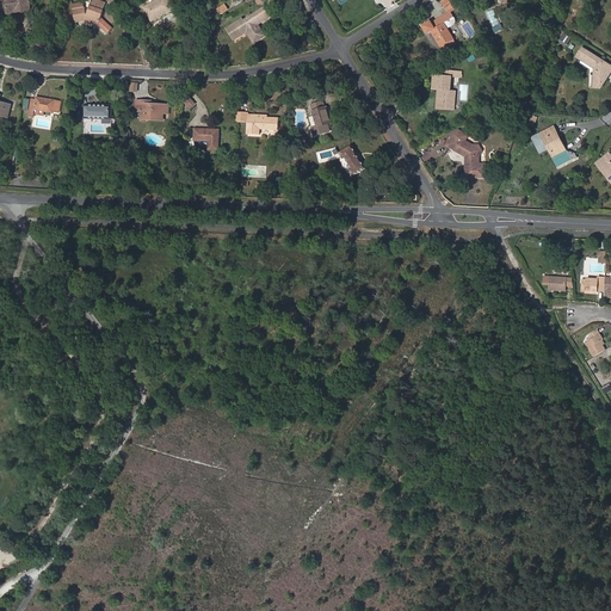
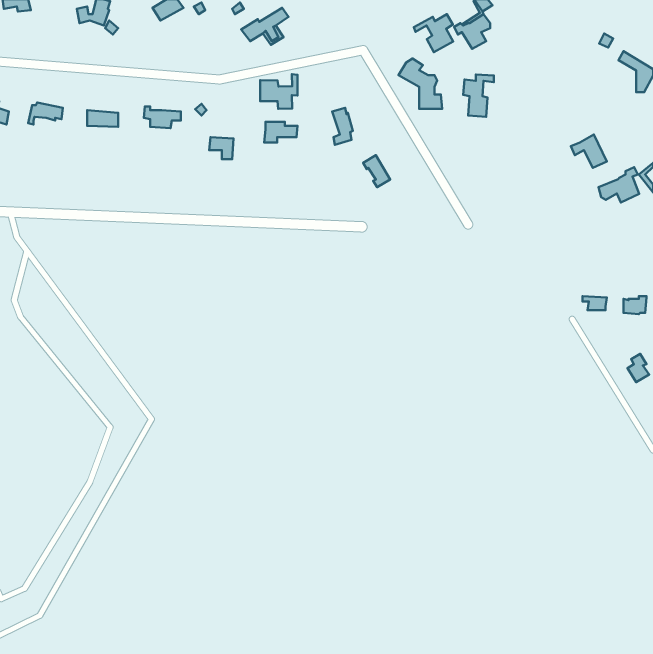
building: none -> [414,14,453,52]
building: none -> [260,74,297,109]
building: [444,129,485,175] -> [399,59,442,109]
building: none -> [598,167,639,203]

